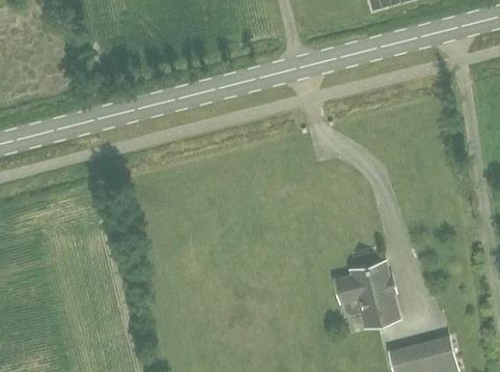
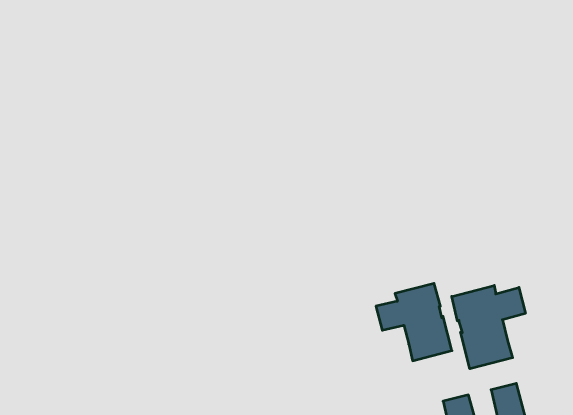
building: none -> [452,285,525,369]

